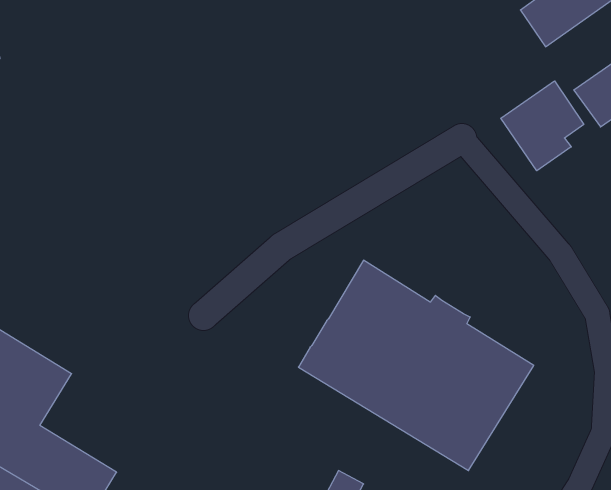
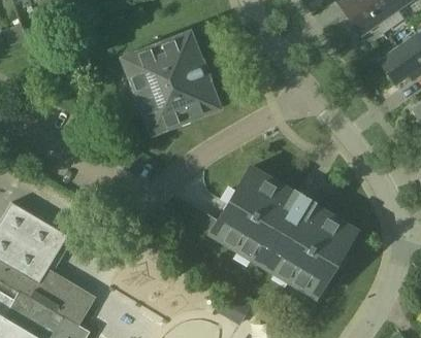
building: none -> [120,28,220,133]
building: [501,81,584,171] -> none

